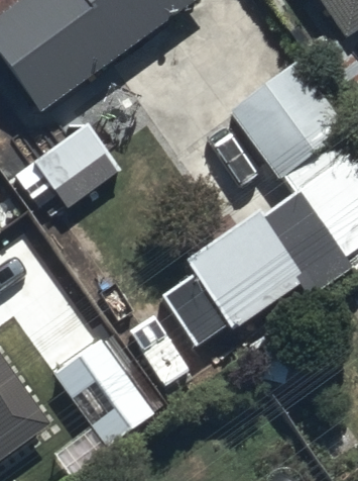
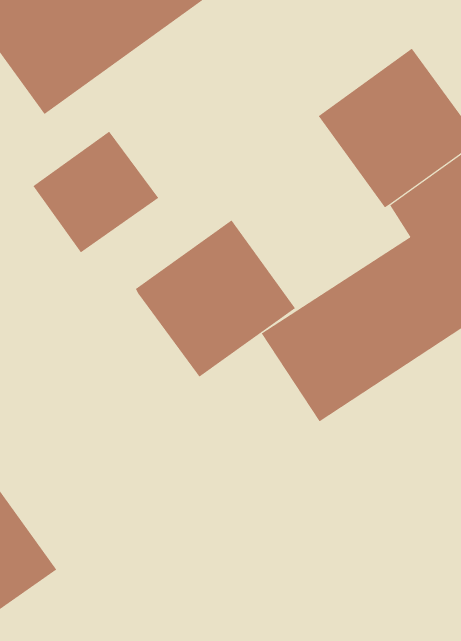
building: none -> [135,219,296,377]
building: [52,335,155,447] -> none

